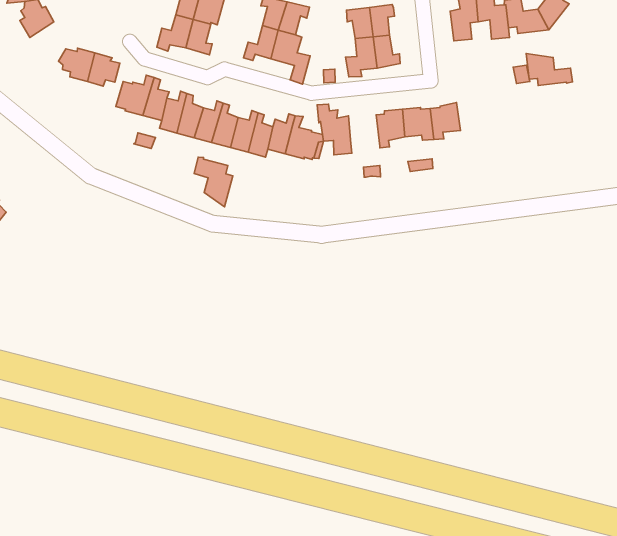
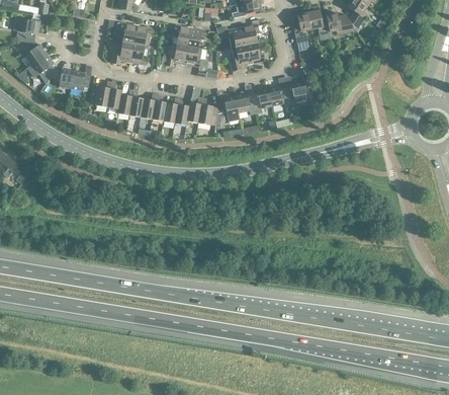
building: none -> [26,53,56,83]
building: [526,53,572,85] -> none
building: none -> [236,83,257,114]
building: [194,157,233,207] -> none

